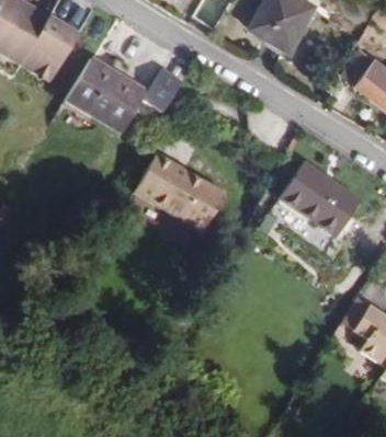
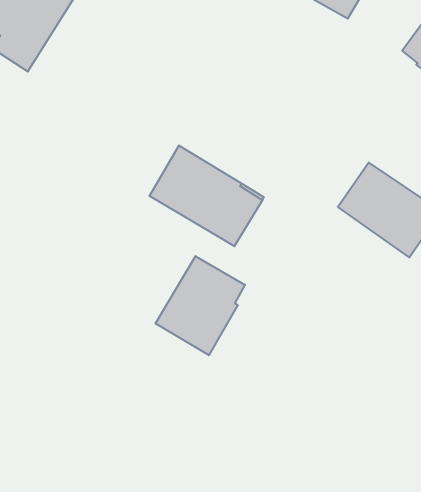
building: [65,58,182,133] -> none
building: none -> [156,256,245,355]

